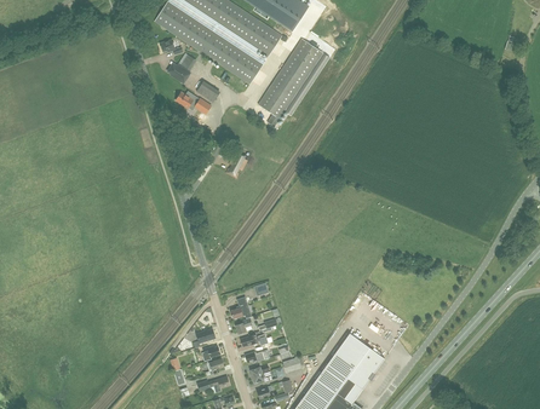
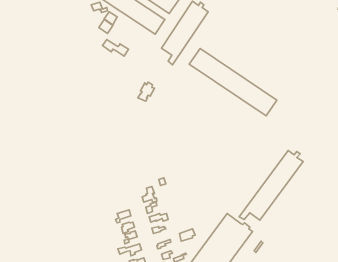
building: none -> [189,48,277,116]
building: none -> [239,151,303,220]

